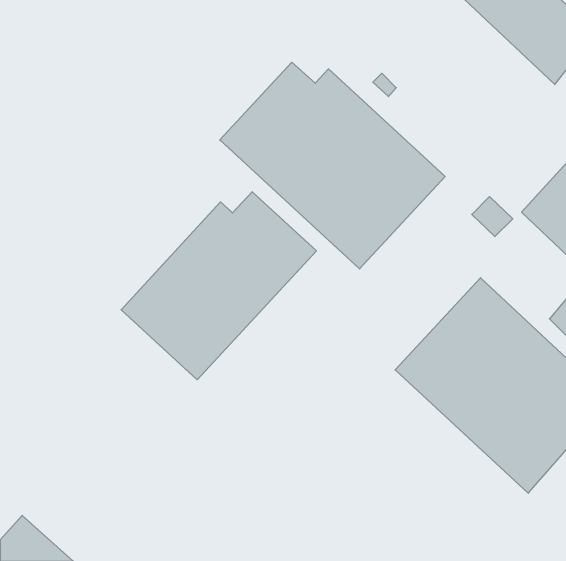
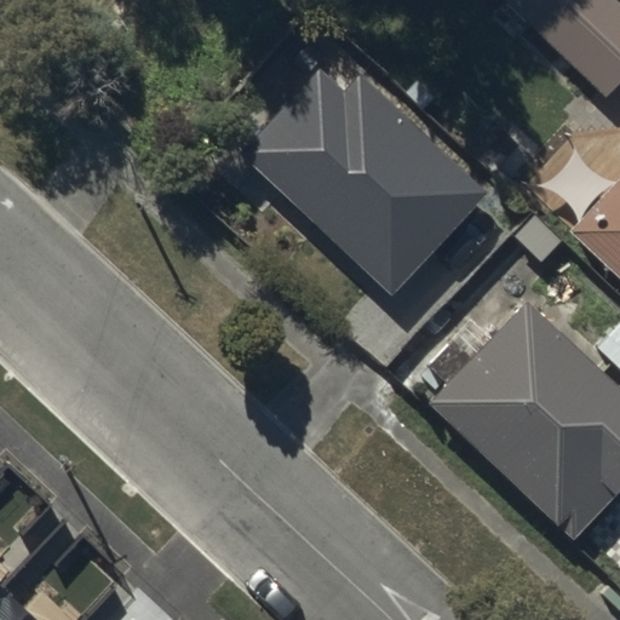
building: [121,192,316,380] -> none

